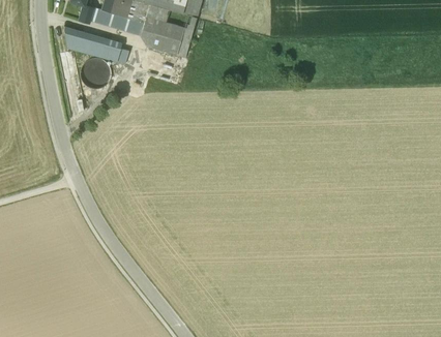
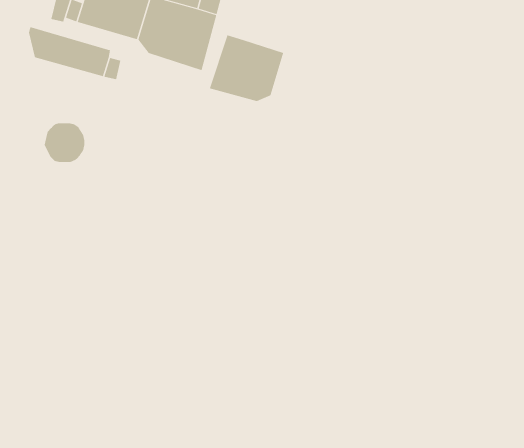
building: none -> [209,35,284,102]
building: [82,59,111,87] -> [44,123,85,163]

